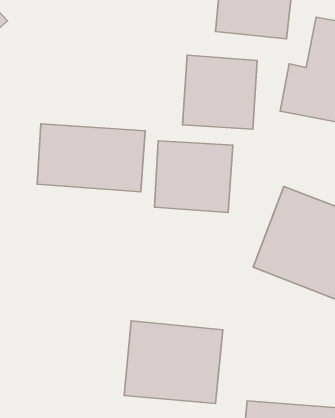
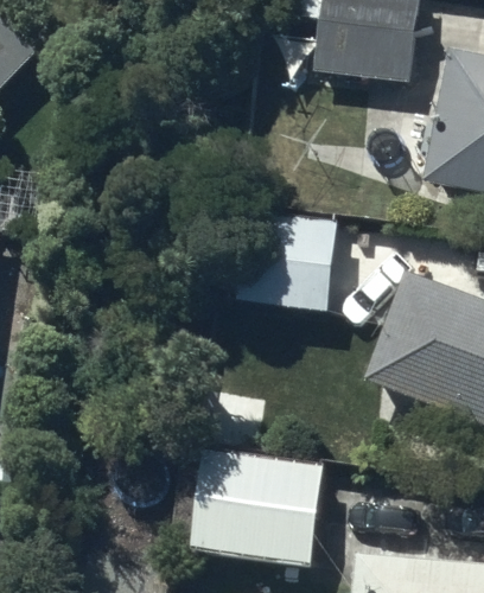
building: [183,55,257,129] -> none
building: [37,124,145,192] -> none

